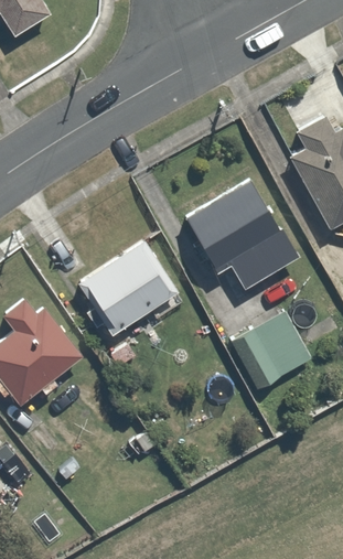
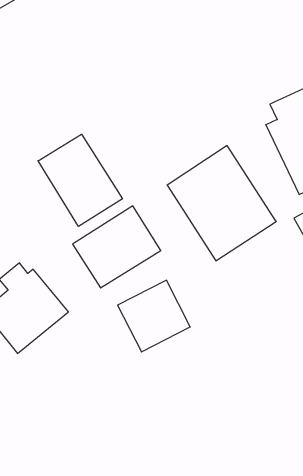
building: none -> [38,134,122,226]
building: [239,311,317,387] -> [118,280,190,352]

